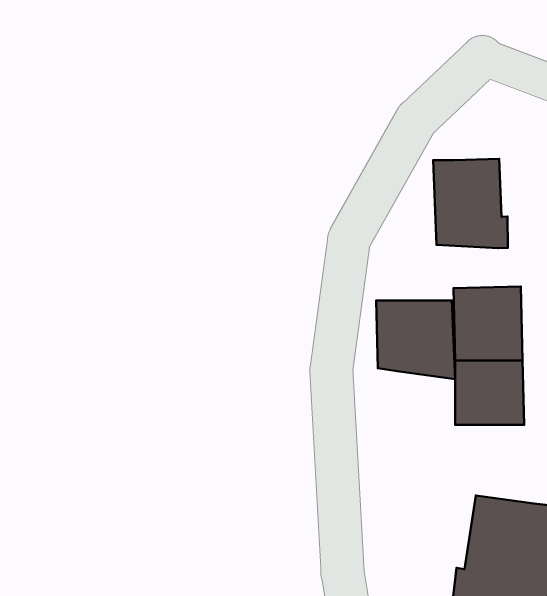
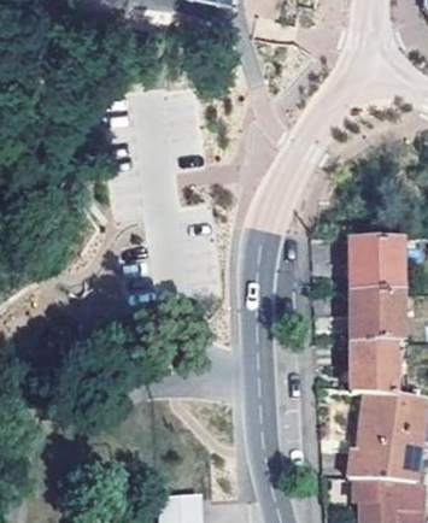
building: [433,159,508,248] -> none
building: [376,301,455,379] -> [350,341,409,400]

